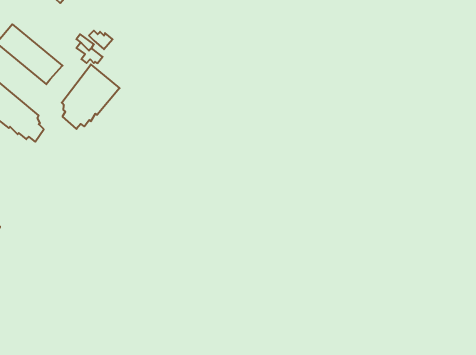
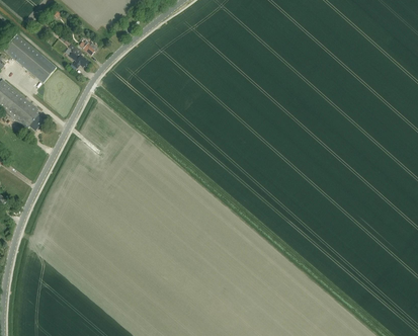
building: [62,64,120,129] -> none

